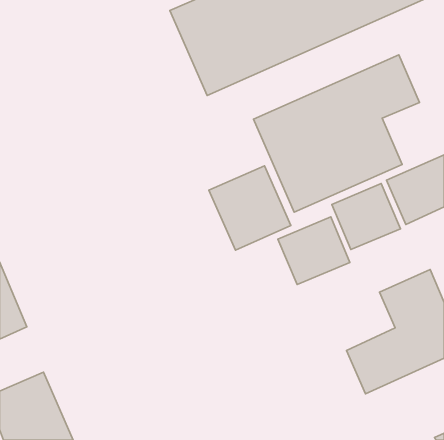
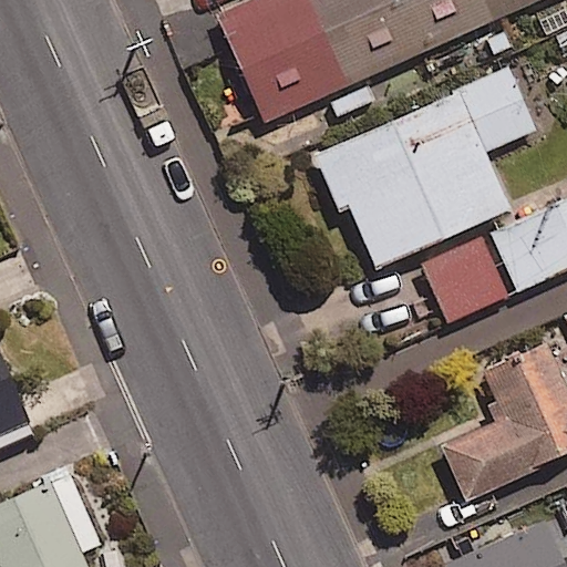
building: [209,166,291,250] -> none
building: [278,217,350,285] -> none

